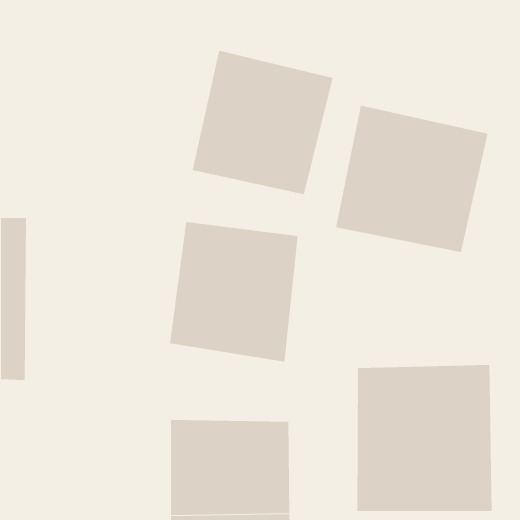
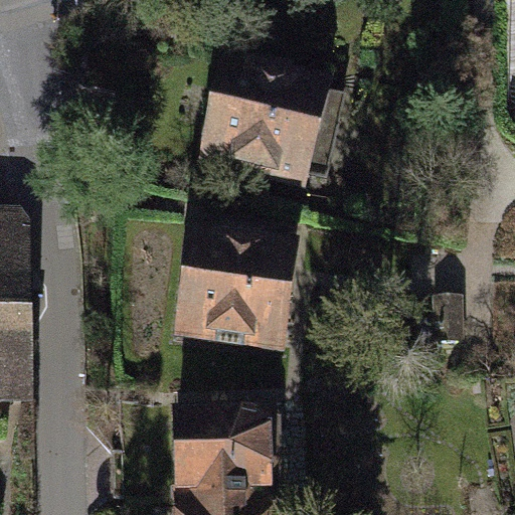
building: [336,105,488,253] -> none
building: [357,364,492,512] -> none

